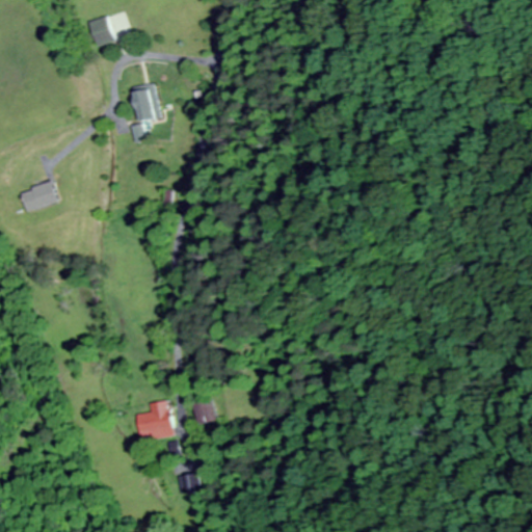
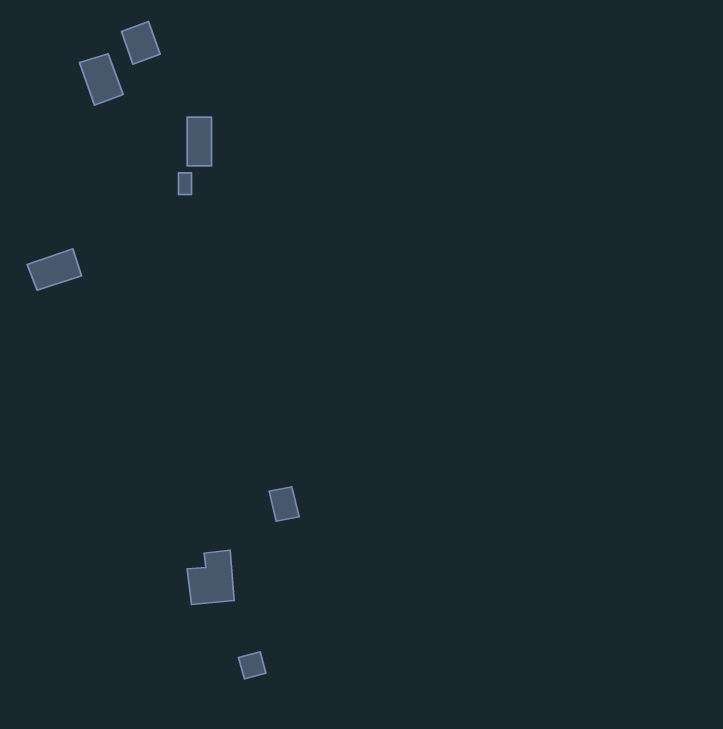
building: none -> [80,54,123,105]
building: [196,400,218,425] -> [269,487,299,521]

